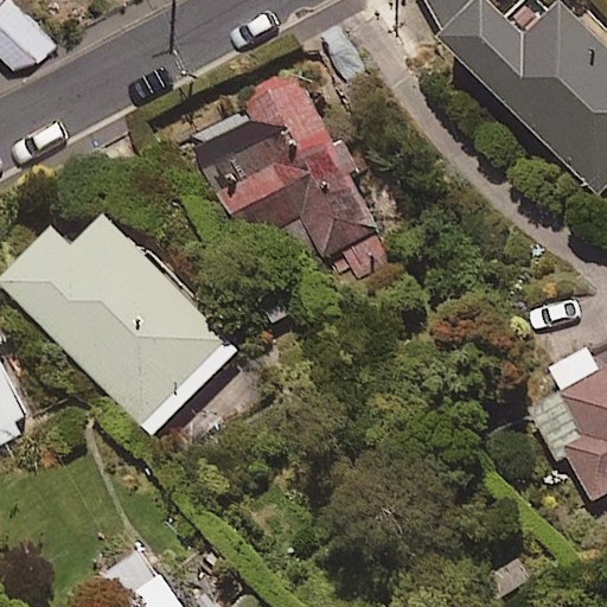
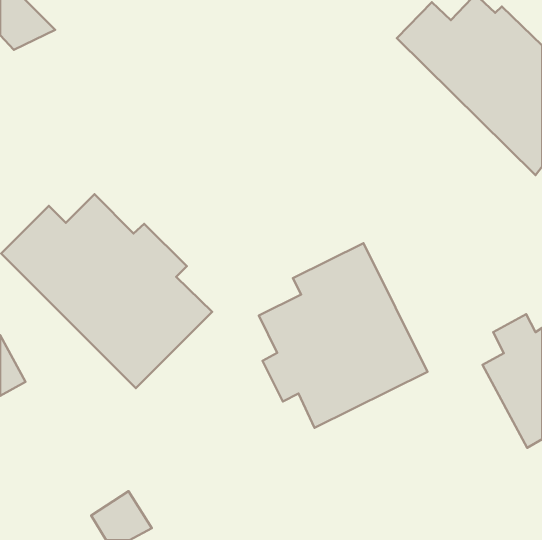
building: [191,70,377,287] -> none
building: none -> [259,243,427,428]

